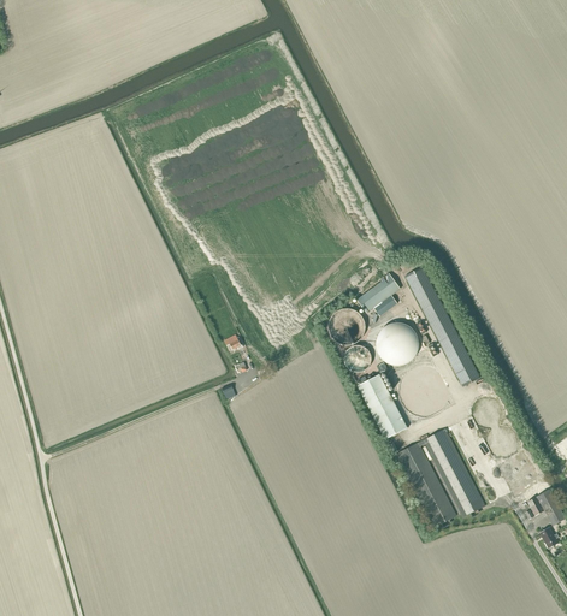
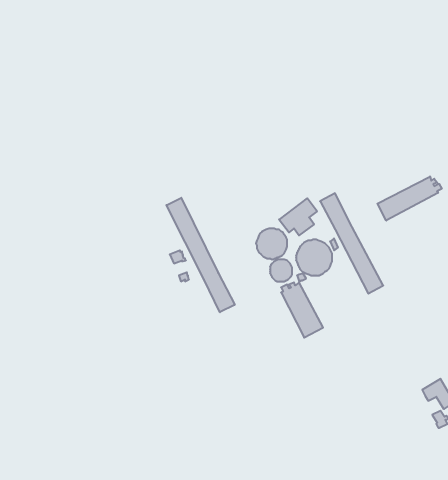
building: none -> [377,176,442,221]
building: none -> [166,198,235,312]
building: [396,428,485,527] -> none

